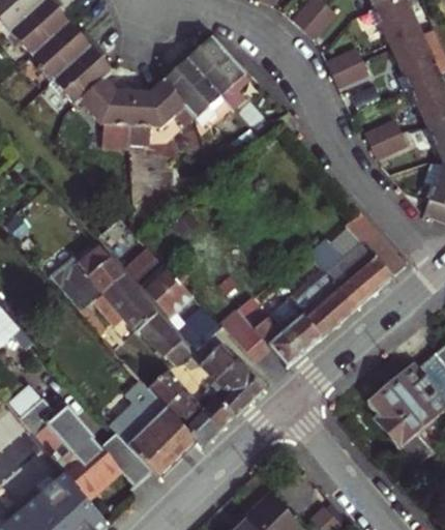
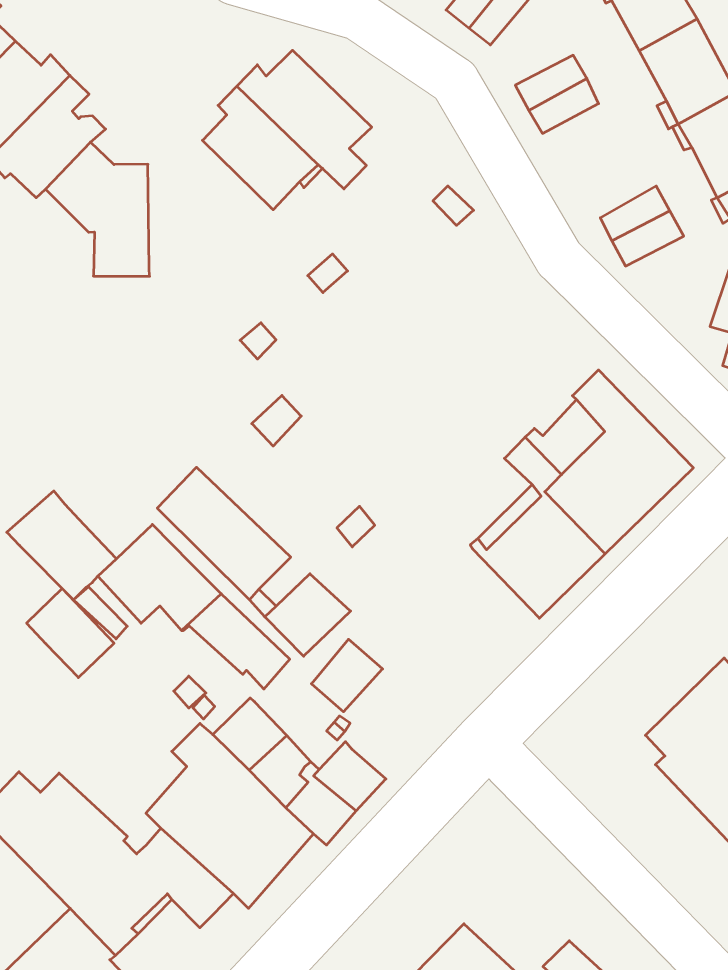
building: [130,80,196,145] -> none
building: [79,246,123,293] -> [27,589,114,678]
building: [222,299,320,367] -> none
building: [215,359,264,416] -> none

